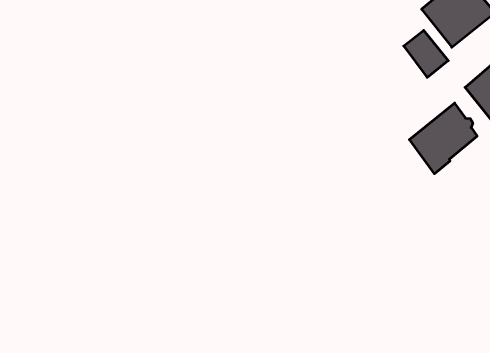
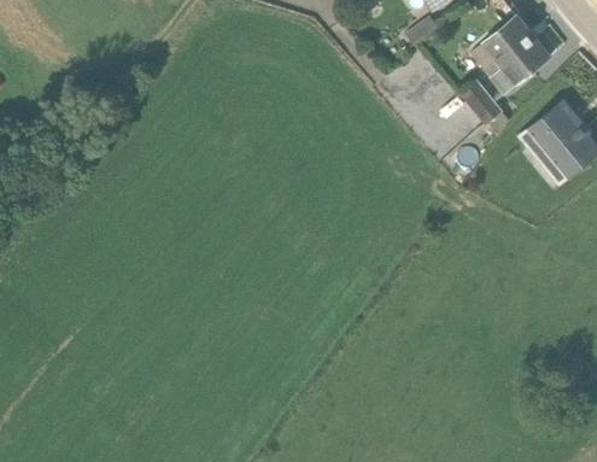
building: [409,103,477,174] -> none

